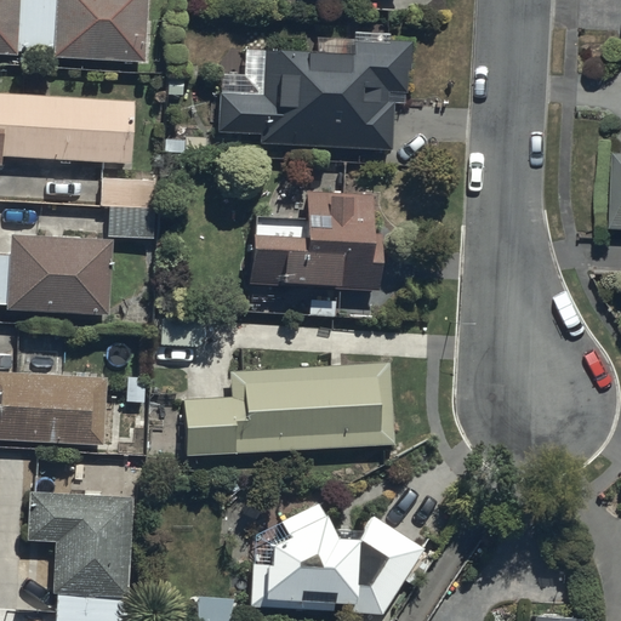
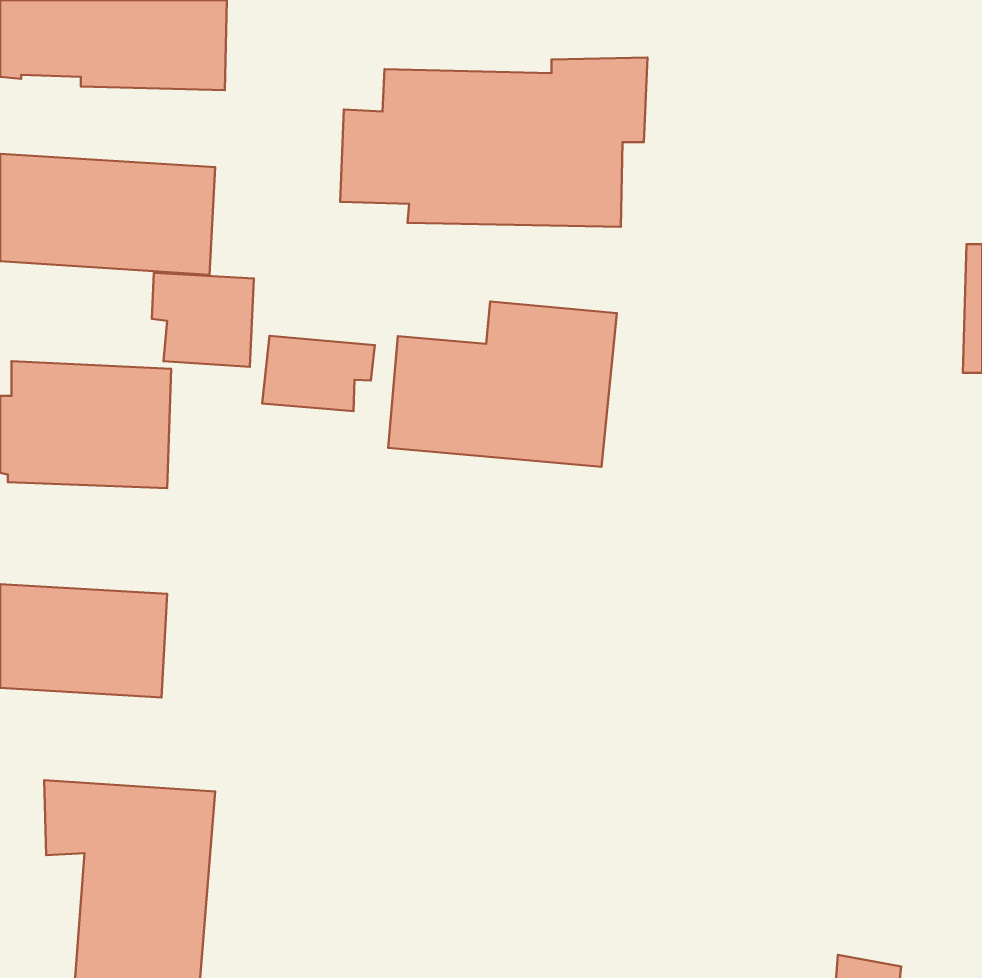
building: none -> [262,336,375,411]
building: [186,368,394,457] -> none
building: [250,514,427,615] -> none

